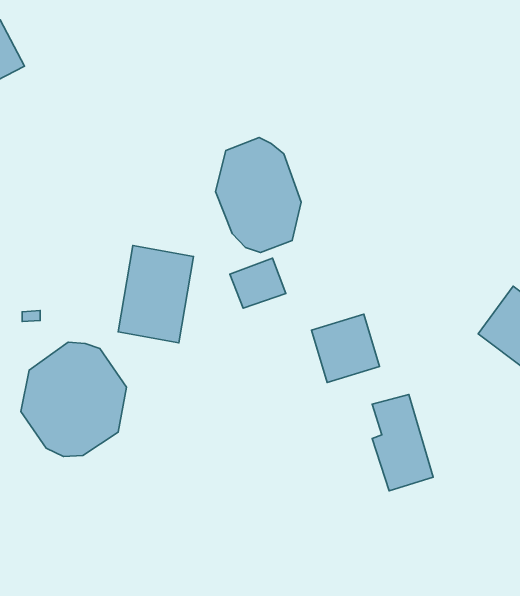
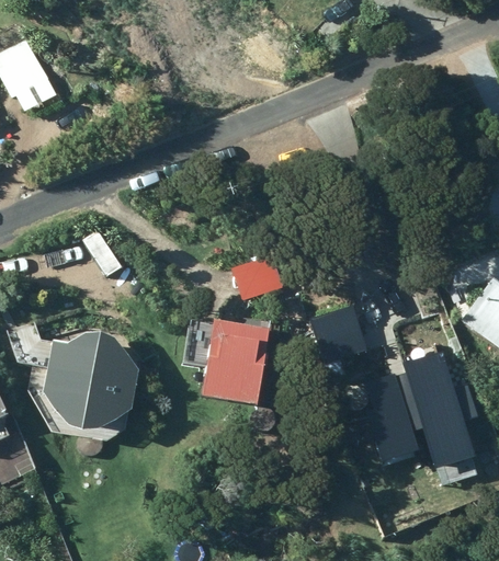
building: [215,138,301,252] -> none
building: [118,245,194,343] -> [202,319,270,407]
building: none -> [399,356,477,472]

